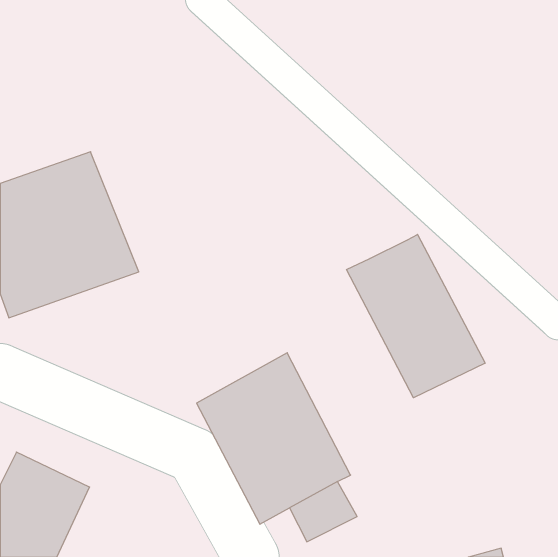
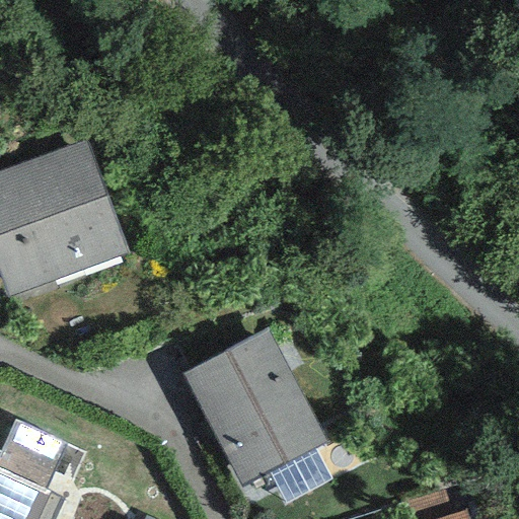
building: [347,234,485,398] -> none

